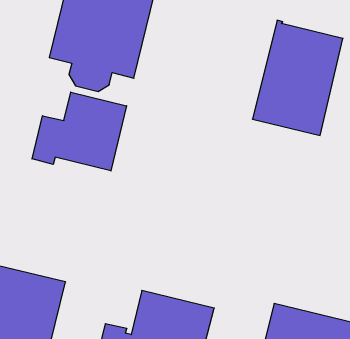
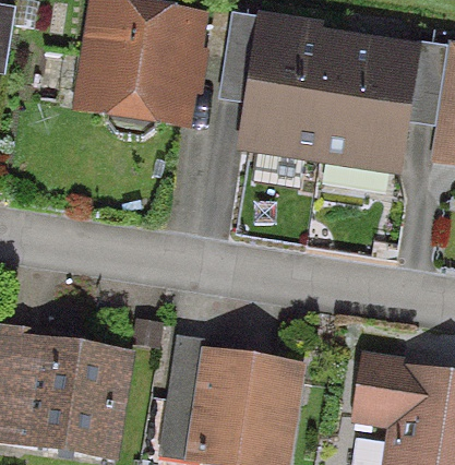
building: none -> [241,27,337,152]
building: [32,92,127,171] -> none

